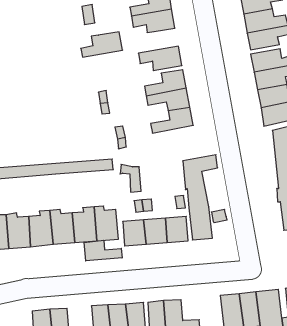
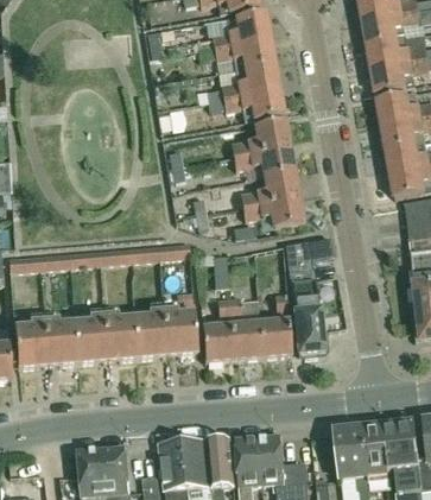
building: [81,32,123,57] -> [221,63,278,97]
building: none -> [242,196,303,227]
building: [84,240,122,261] -> none

